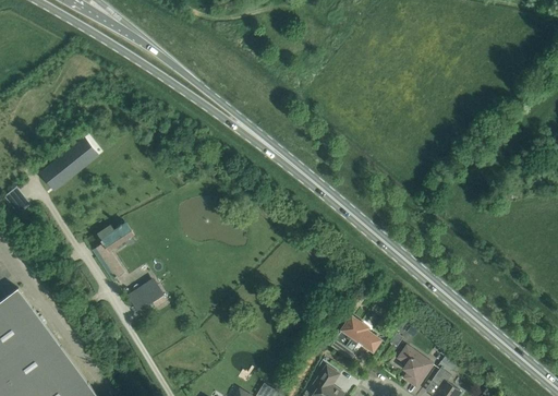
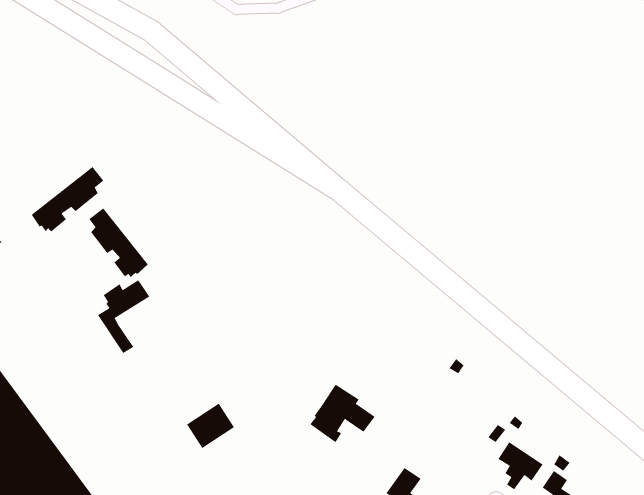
building: none -> [89,207,148,278]
building: [129,278,166,313] -> [186,403,235,449]
building: [331,314,381,360] -> [309,384,375,444]

